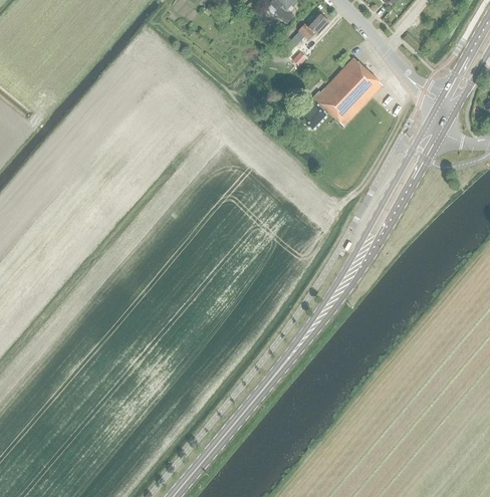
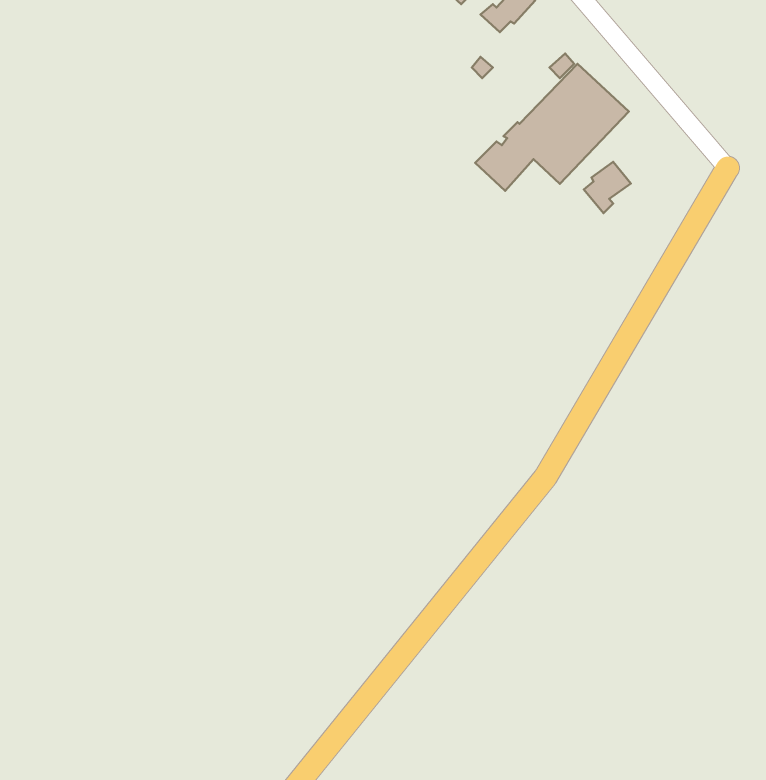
building: none -> [584,162,631,213]

